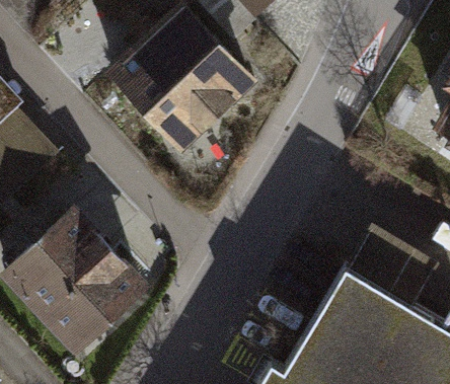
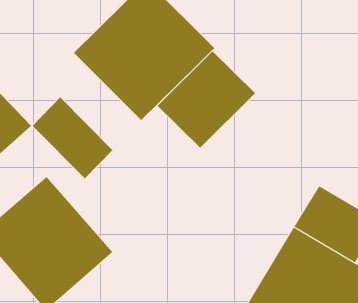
building: none -> [157,51,256,148]
building: none -> [32,96,113,179]

